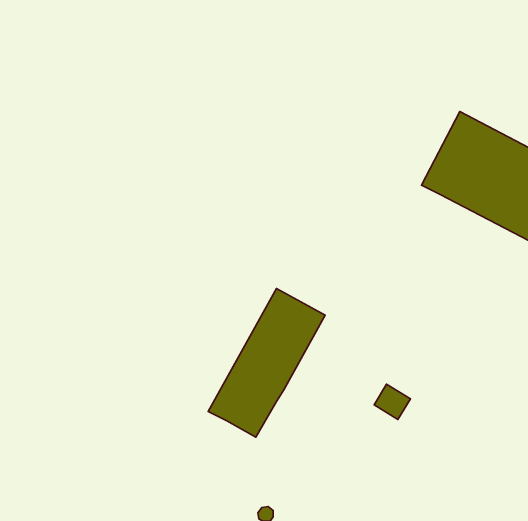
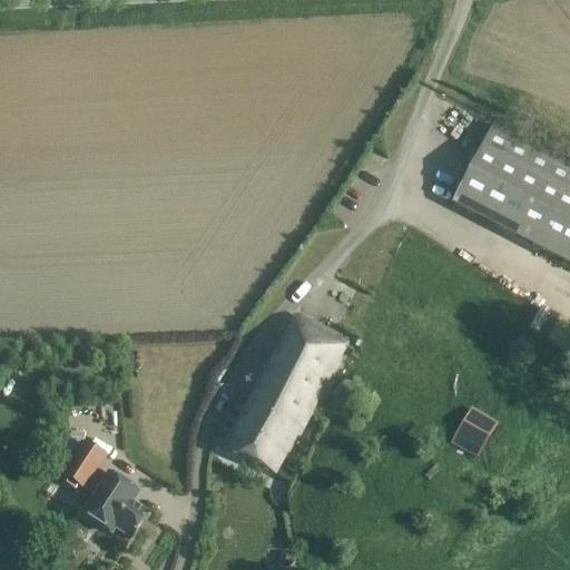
building: [374,384,410,419] -> [458,406,497,444]
building: none -> [60,439,145,534]

